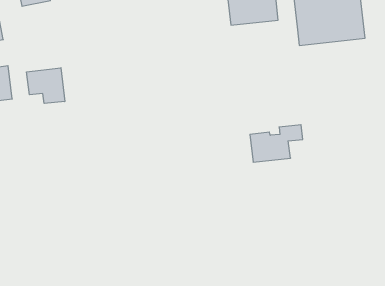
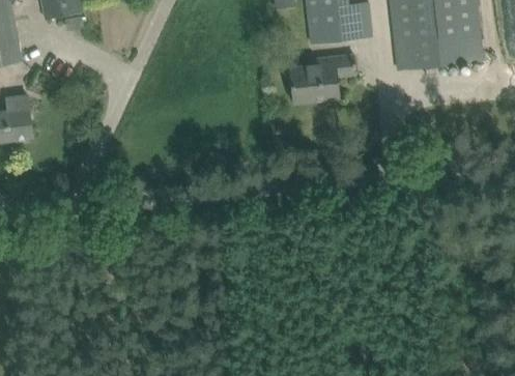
building: [27,68,65,103] -> none
building: [250,125,303,162] -> [288,55,355,103]

